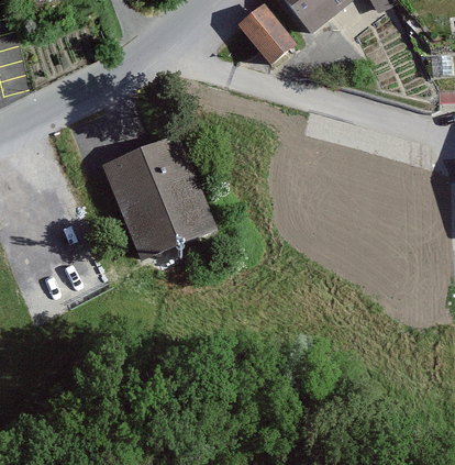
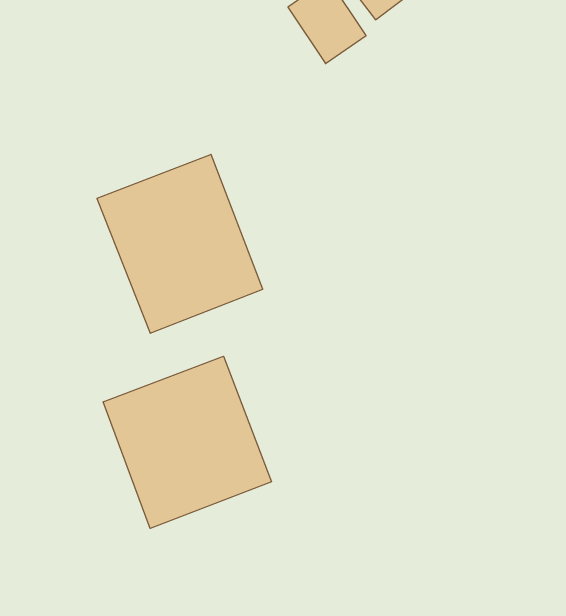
building: none -> [103,356,271,528]

